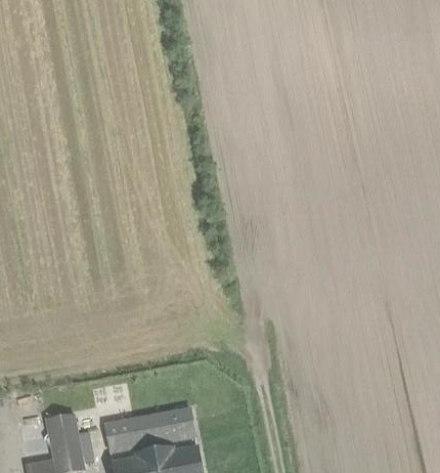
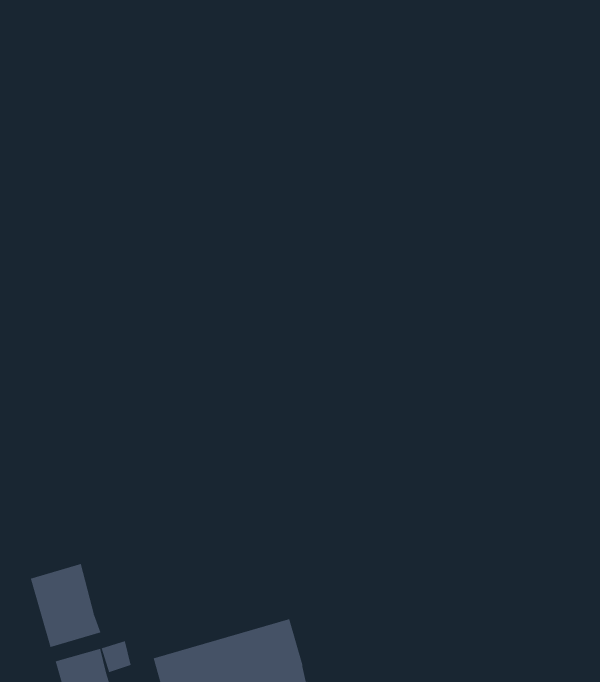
building: none -> [30,563,101,648]

